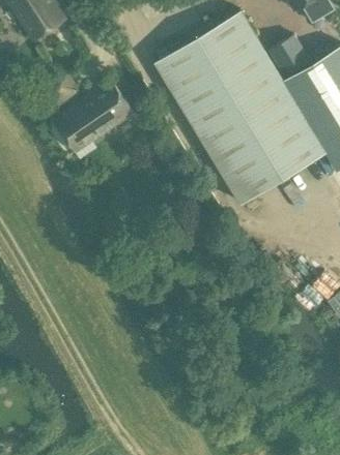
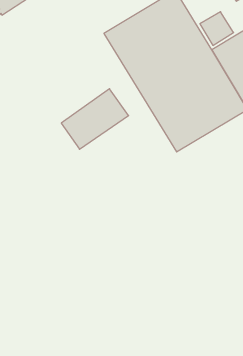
building: [53,81,134,153] -> [61,89,129,149]

